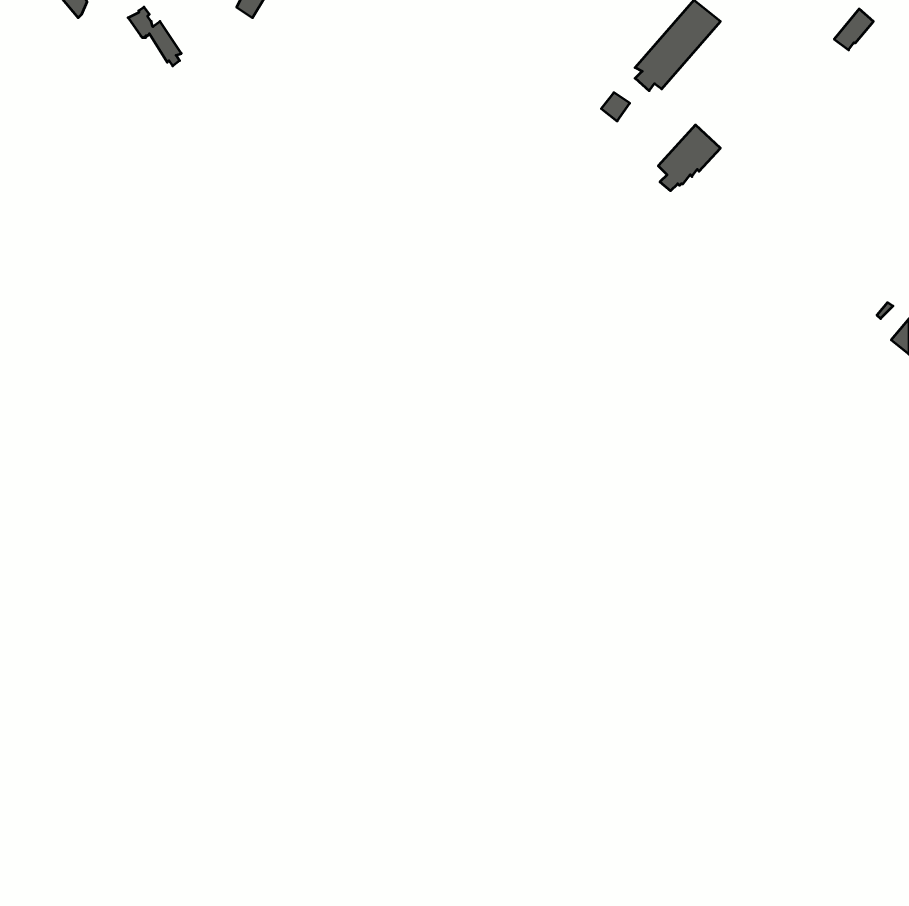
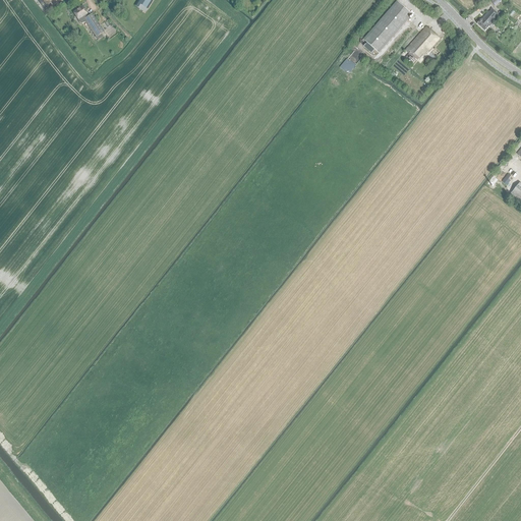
building: [658,125,720,191] -> [405,24,441,62]

